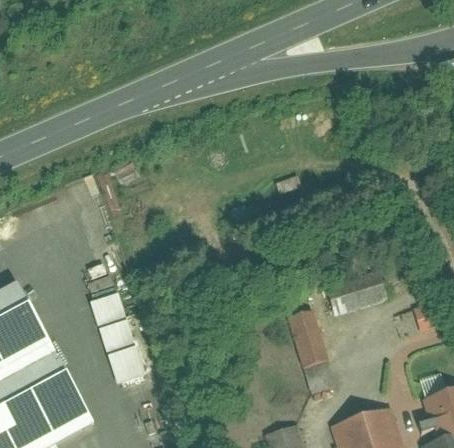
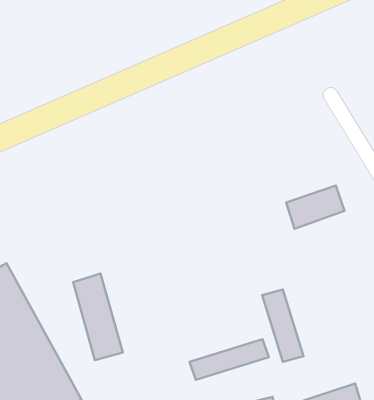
building: [324,272,386,318] -> [286,186,344,229]
building: none -> [190,339,269,380]

